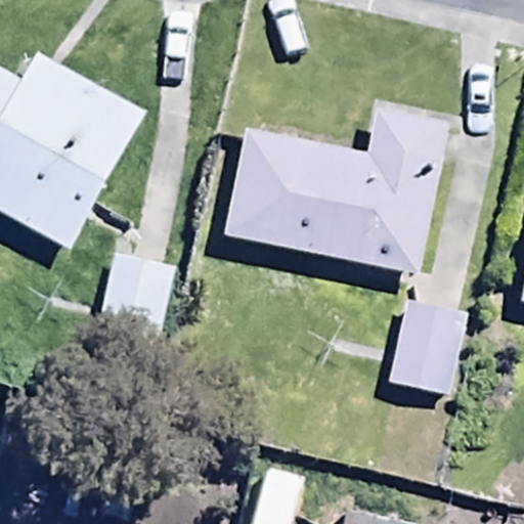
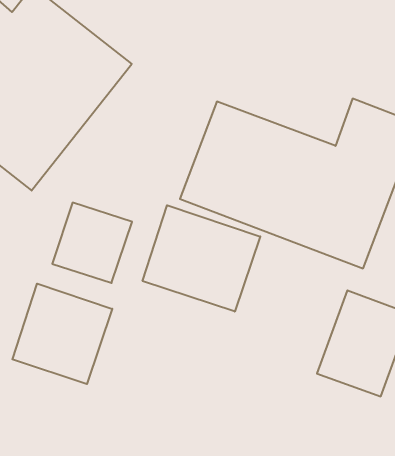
building: none -> [143,205,260,312]
building: none -> [12,284,112,384]

